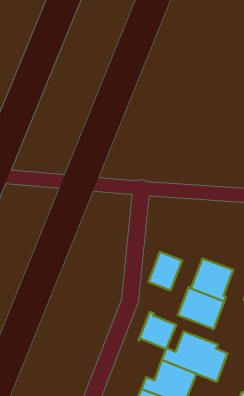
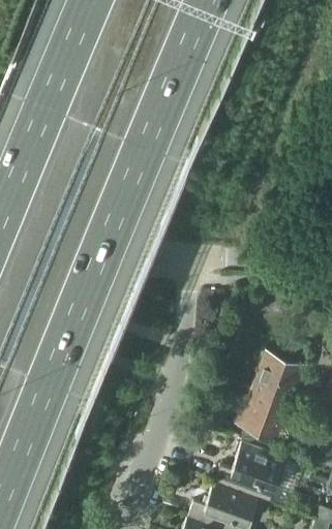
building: [148,252,182,291] -> none
building: [139,312,176,349] -> none

